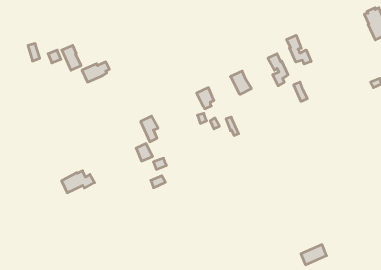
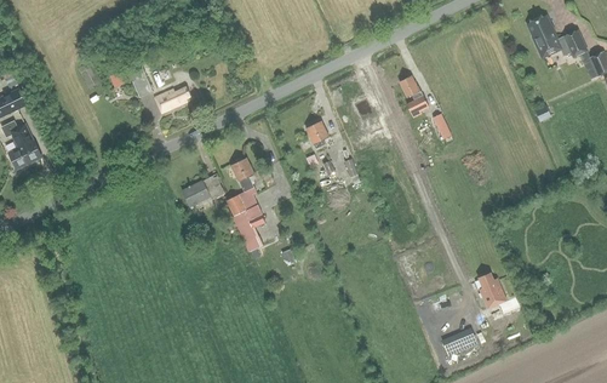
building: [287,35,311,64] -> none
building: [62,171,95,193] -> [182,177,225,206]
building: none -> [480,273,506,308]

